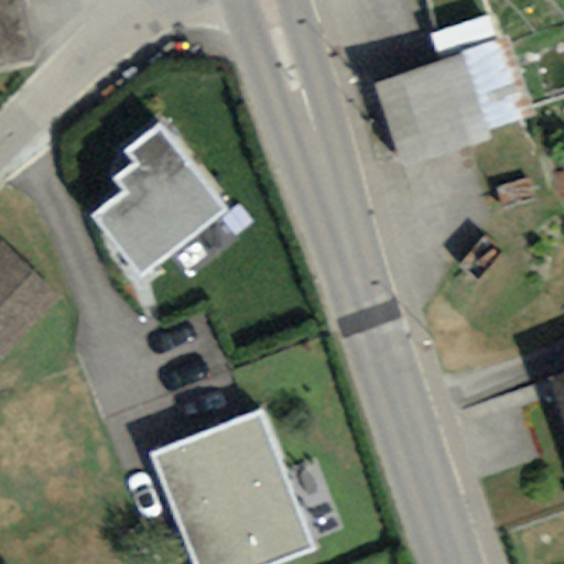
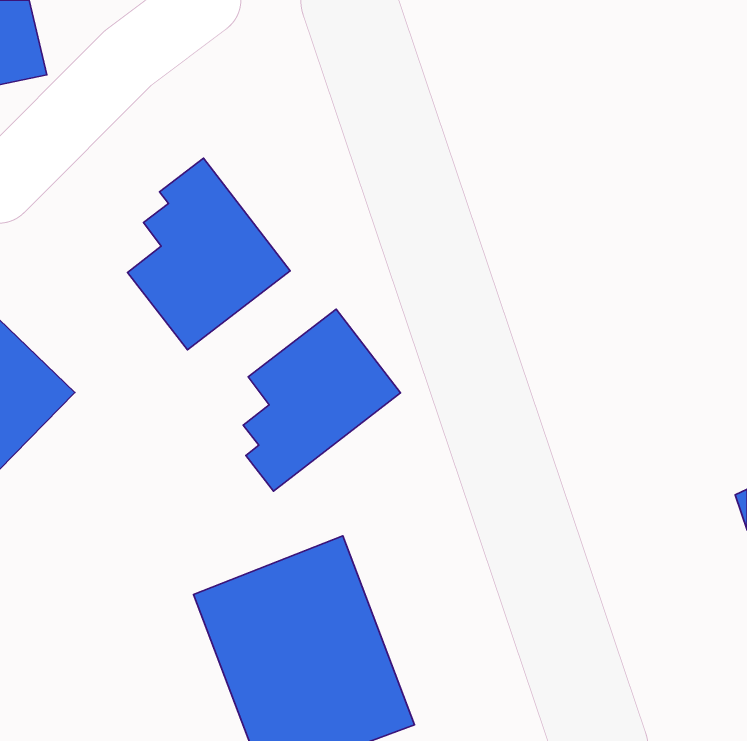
building: [369,34,534,166] -> none
building: none -> [243,309,400,491]

